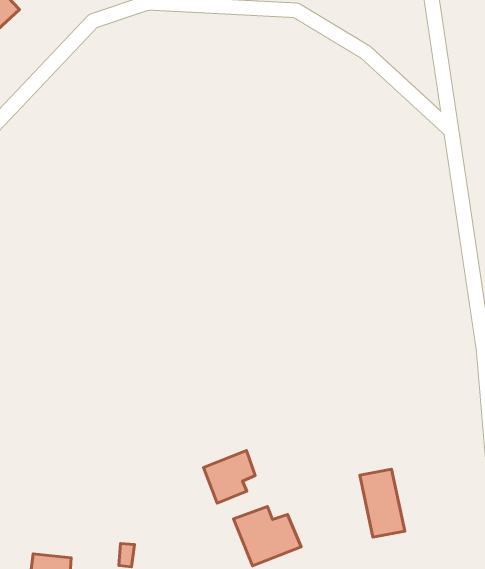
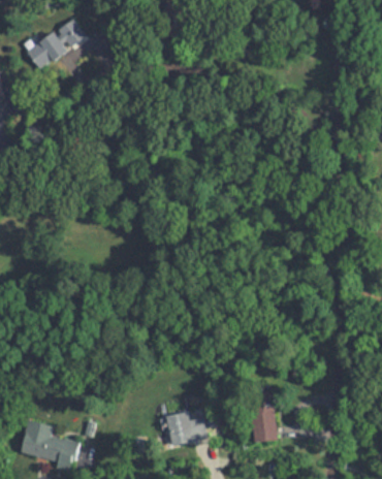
building: [203,451,255,503] -> none

